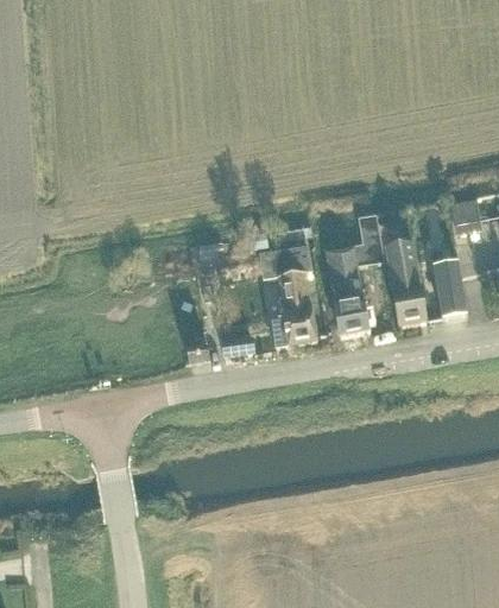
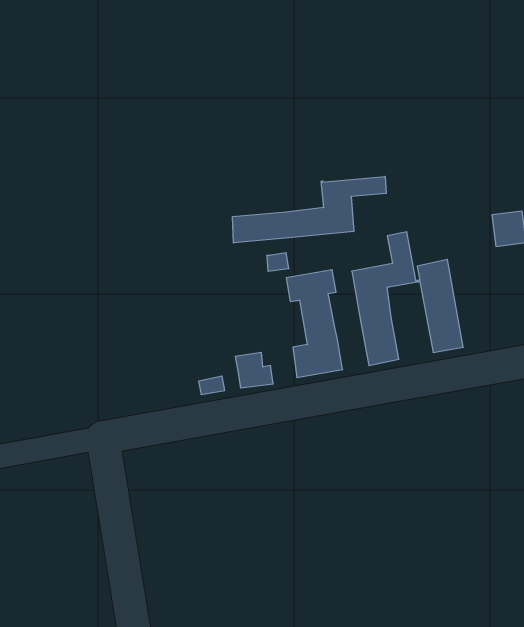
building: none -> [233,176,386,243]
building: [432,246,466,316] -> none

